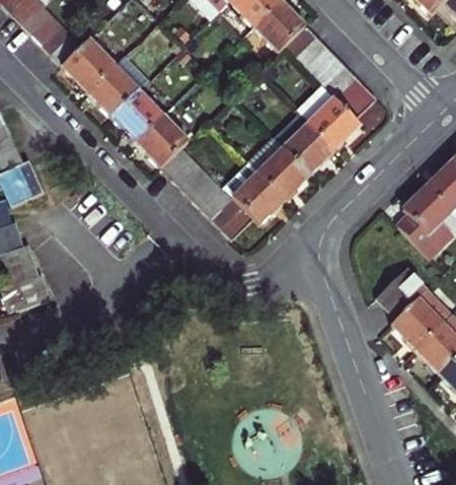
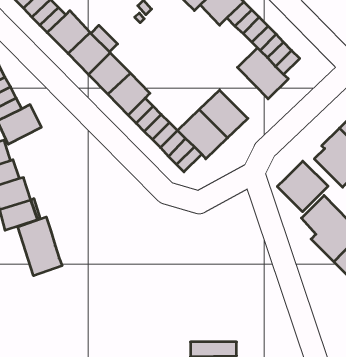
building: [276,112,336,172] -> none
building: none -> [277,161,328,212]
building: none -> [18,217,62,276]

